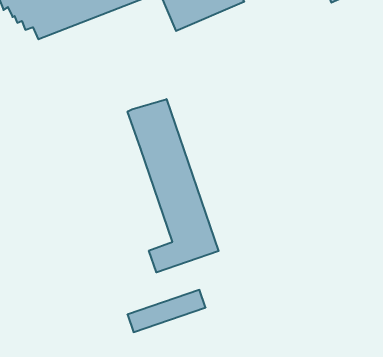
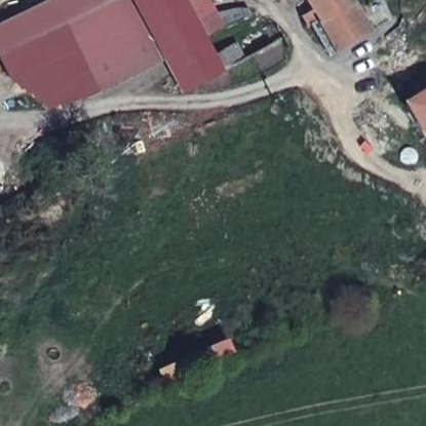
building: [128,99,219,272] -> none

